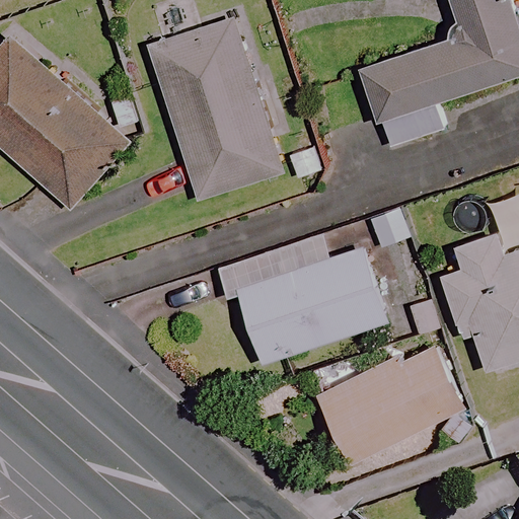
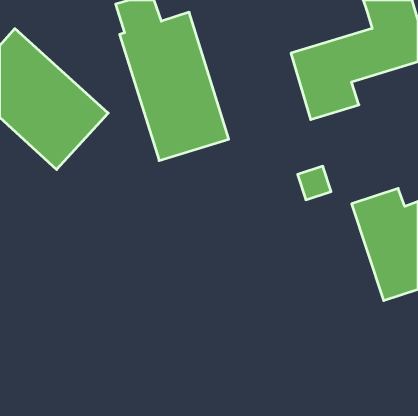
building: [219,233,388,365] -> none
building: [315,336,463,463] -> none

